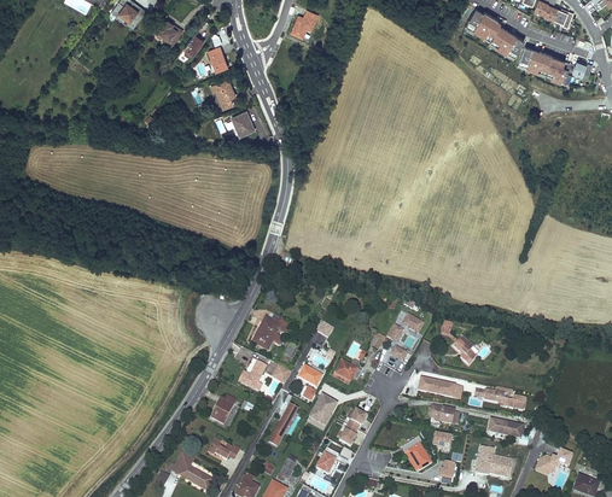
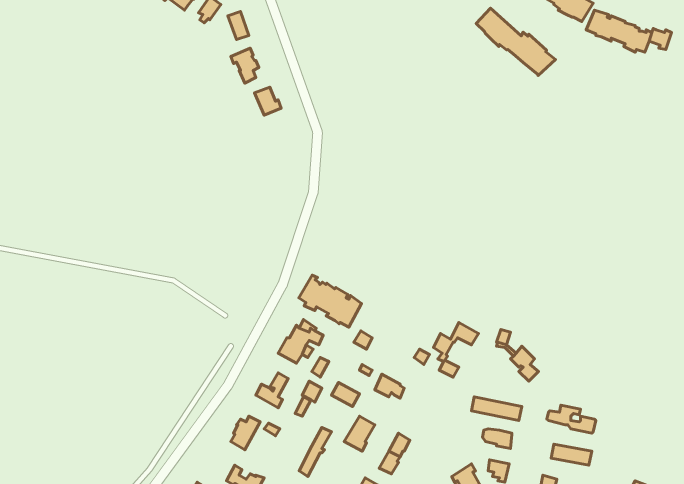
building: none -> [476,8,555,76]
building: none -> [299,275,361,327]

